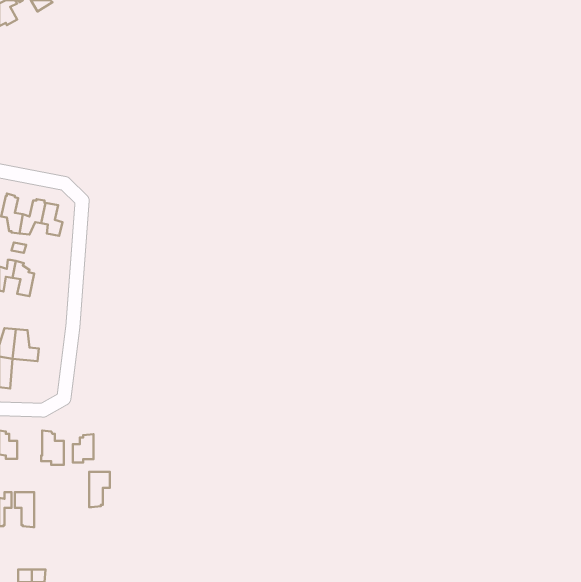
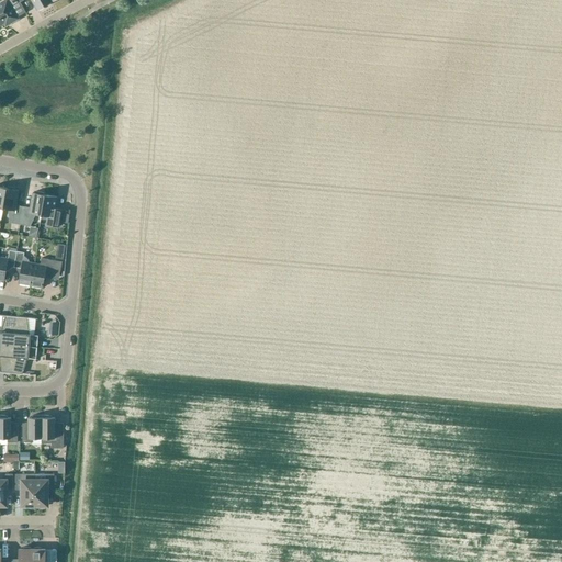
building: none -> [29,258,60,288]
building: none -> [10,346,36,374]
building: [73,434,93,462] -> [21,415,41,442]
building: [89,472,110,507] -> [33,474,53,508]

